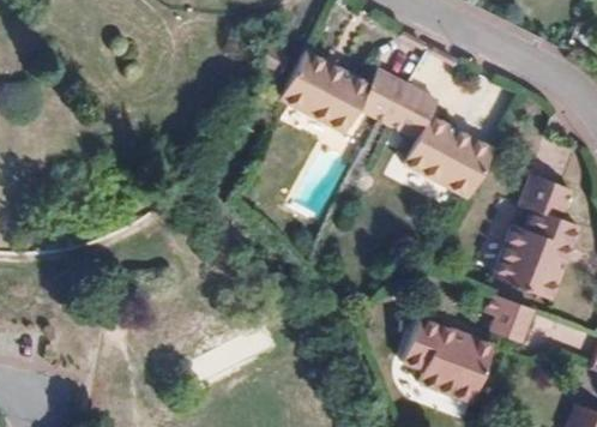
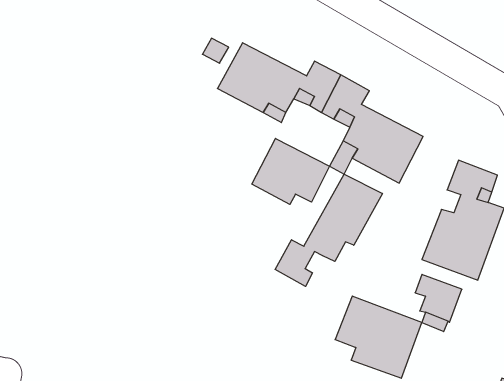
building: none -> [252,138,329,204]
building: none -> [275,174,382,286]

